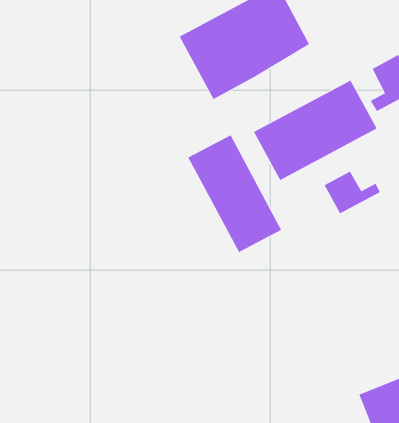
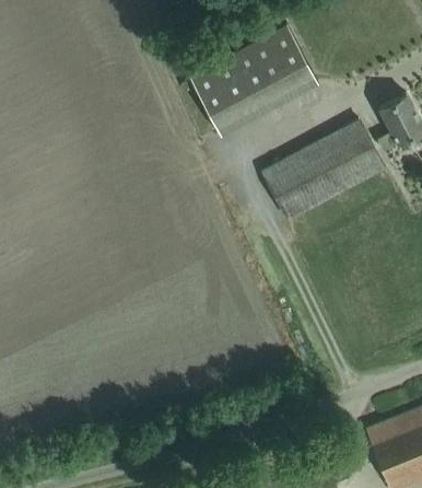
building: [188,135,282,253] -> none
building: [324,171,380,214] -> none

